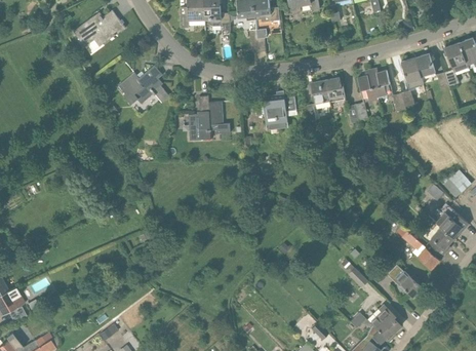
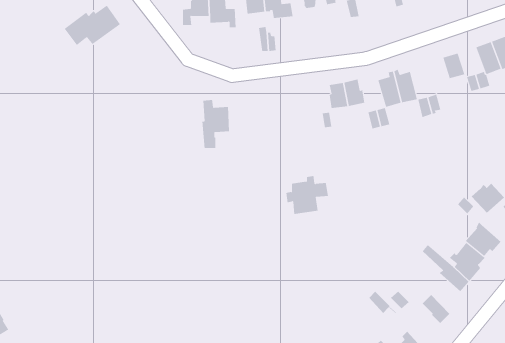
building: [401,57,424,93] -> none
building: [119,65,170,105] -> none
building: [259,90,298,125] -> [286,176,329,214]

